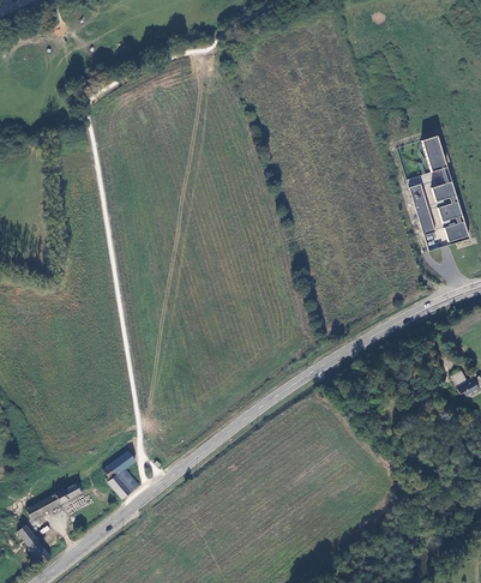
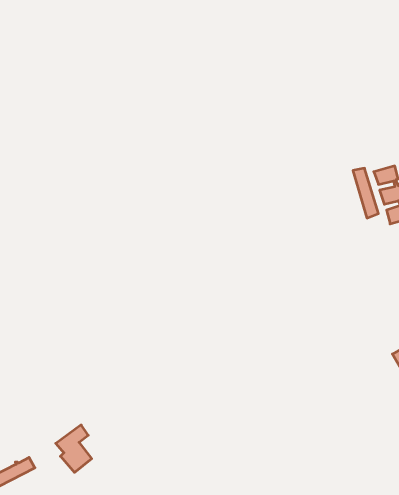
building: [422,138,449,174] -> none

